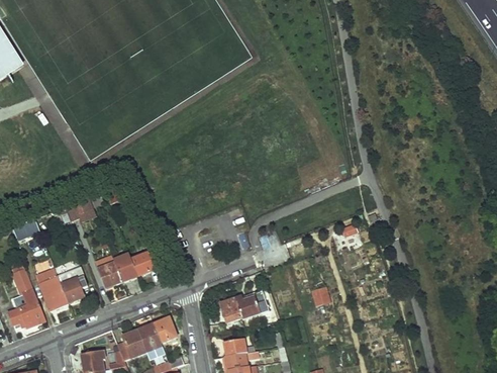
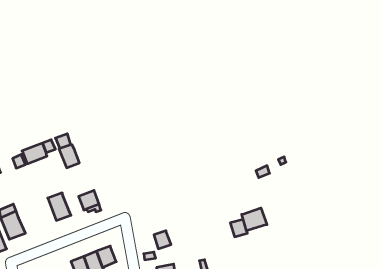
building: [113,254,137,281] -> [59,145,79,168]
building: [61,269,85,302] -> none
building: none -> [242,208,267,231]
building: [234,292,268,318] -> none

